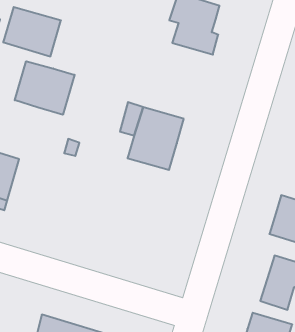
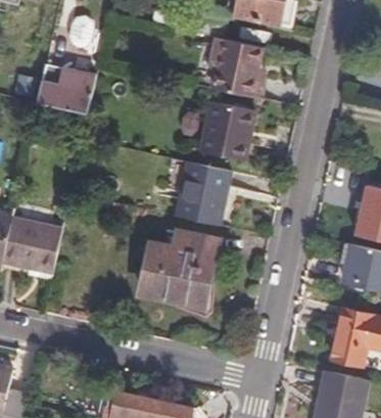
building: none -> [199,102,252,158]
building: [15,61,75,115] -> none
building: none -> [144,231,218,306]

